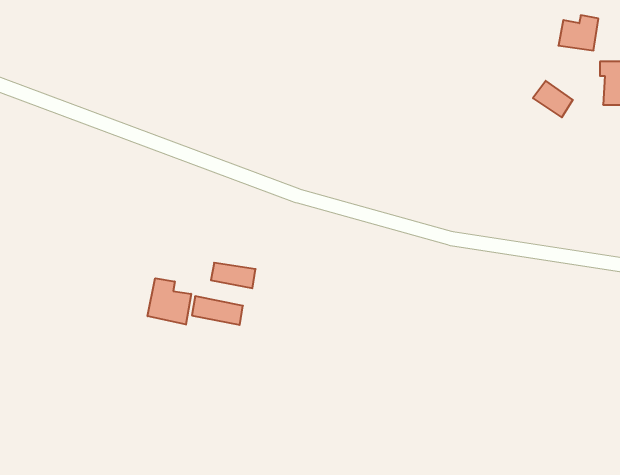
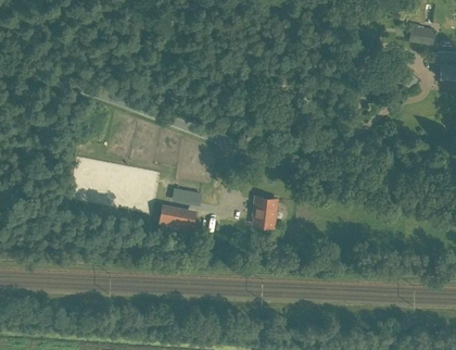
building: none -> [254,197,277,228]
building: [148,278,191,325] -> none

